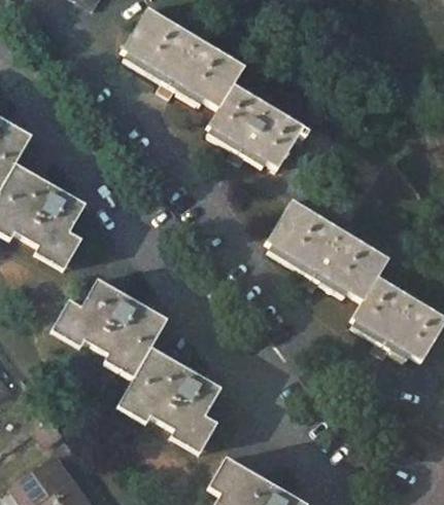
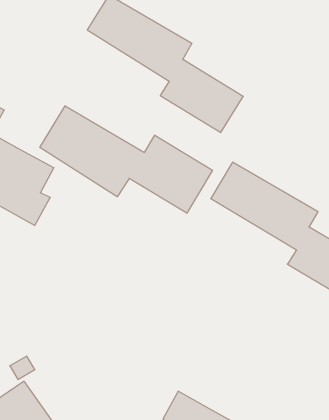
building: none -> [40,106,212,213]
building: [54,285,224,450] -> none

